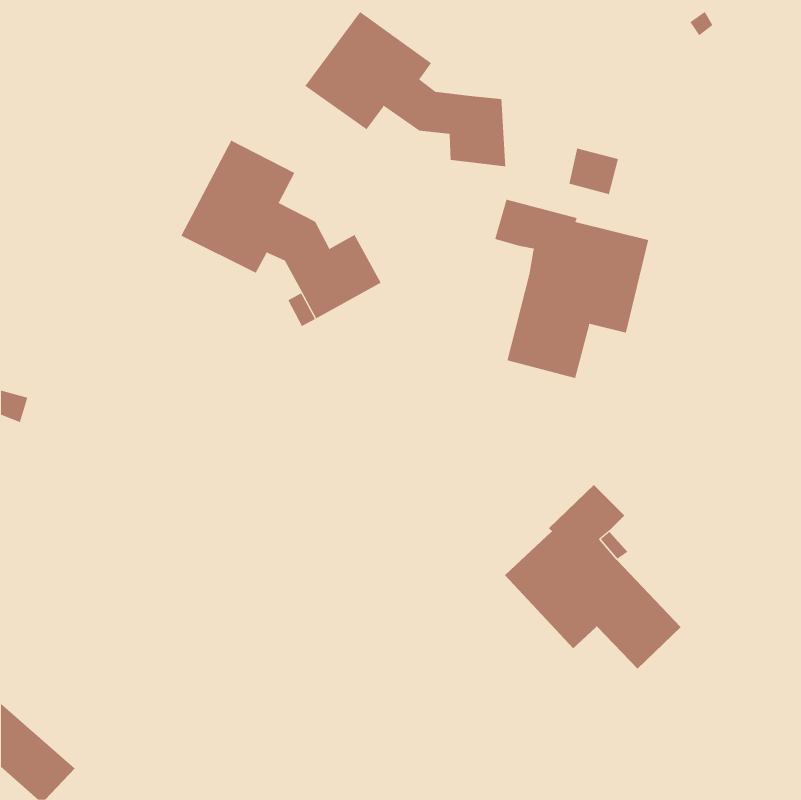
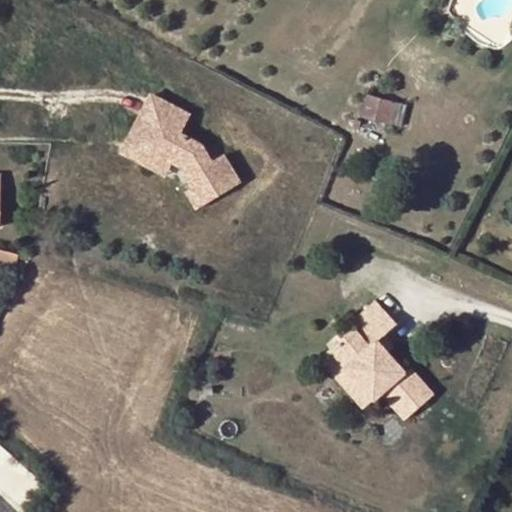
building: [305,11,506,167] -> none
building: [494,199,649,379] -> none

